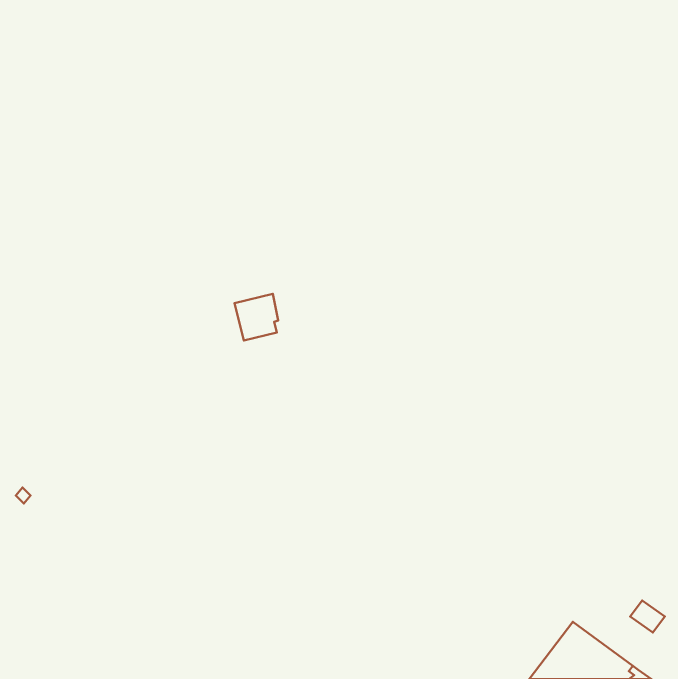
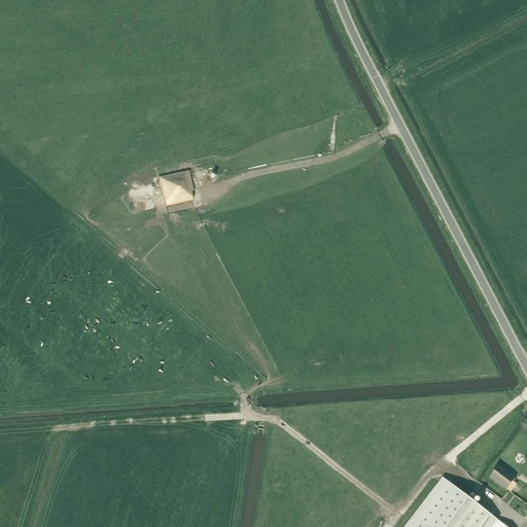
building: [234,294,278,340] -> [159,172,192,208]

